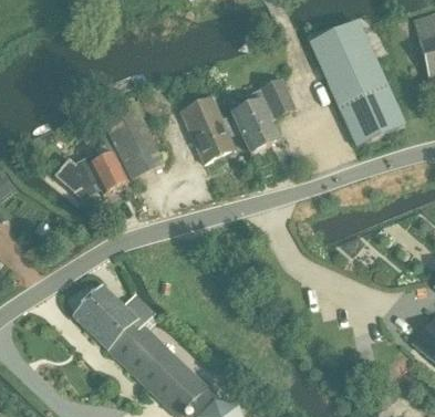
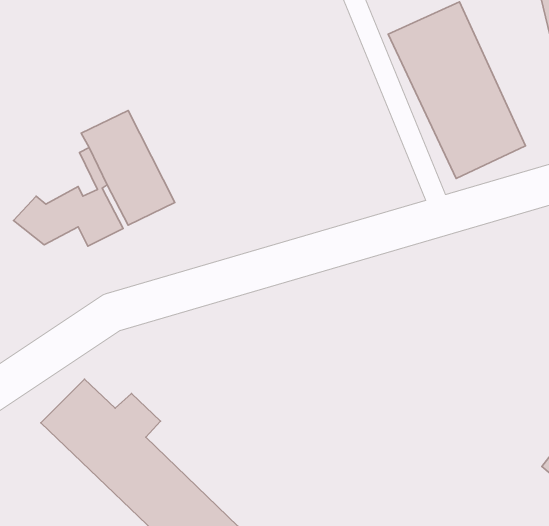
building: [231,82,293,154] -> none
building: [180,97,235,163] -> none

